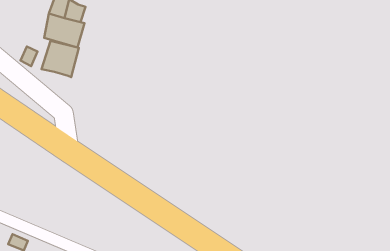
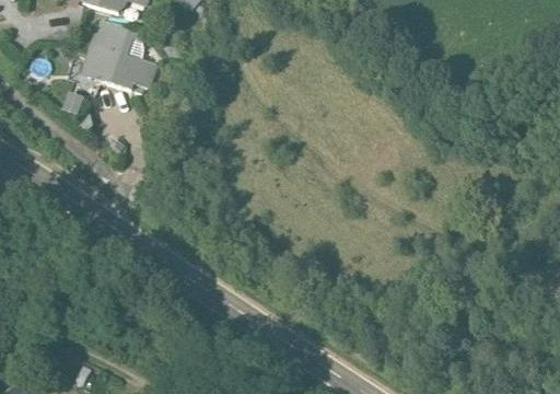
building: [41,41,79,77] -> none

